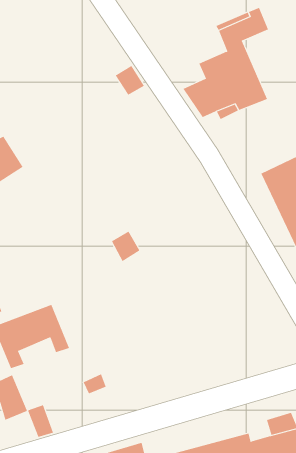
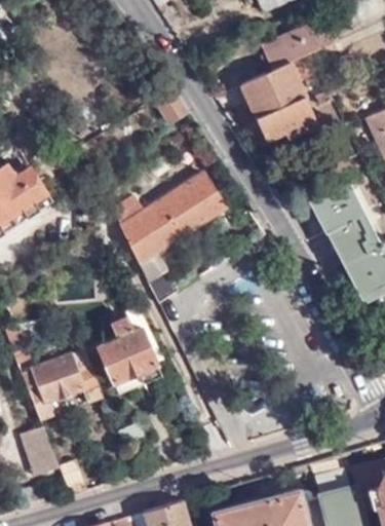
building: none -> [113,173,225,277]
building: none -> [98,315,163,383]

